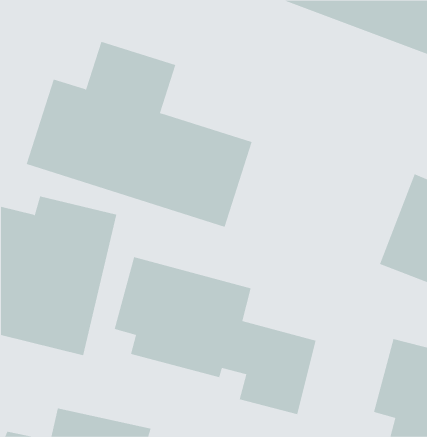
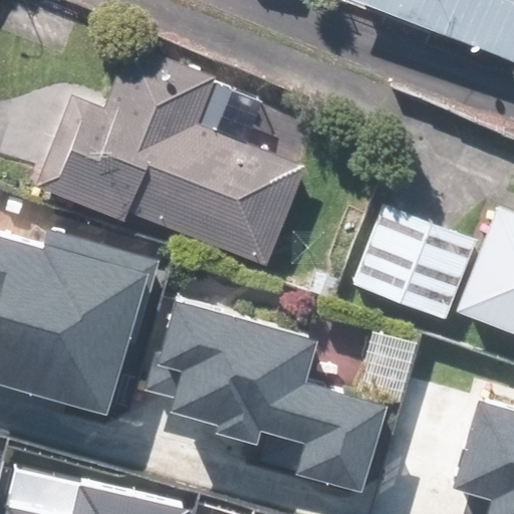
building: none -> [356,198,477,315]

